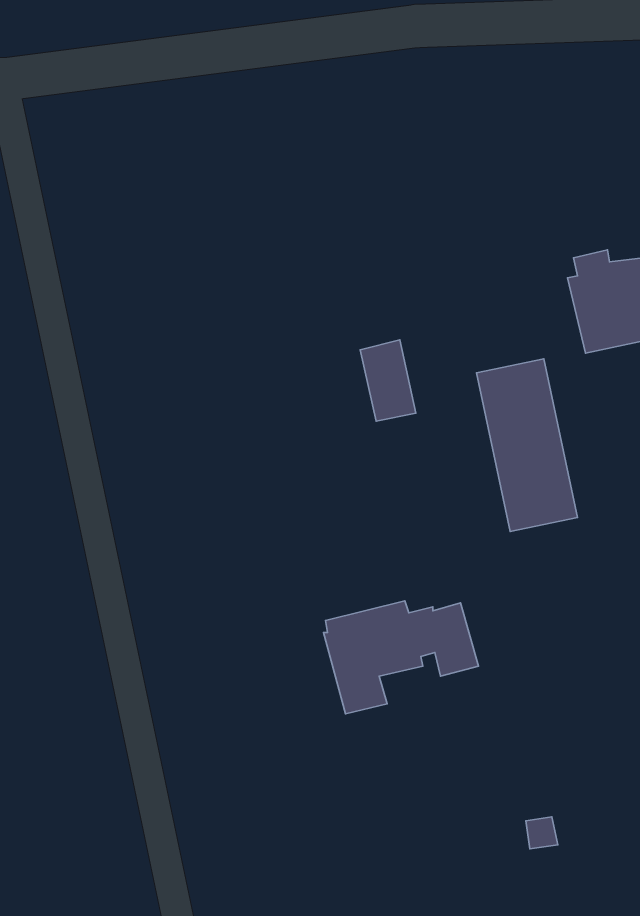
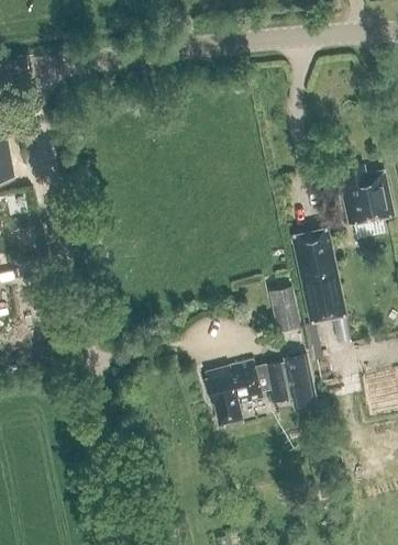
building: [360,340,416,421] -> [269,287,300,332]
building: none -> [283,354,318,411]

